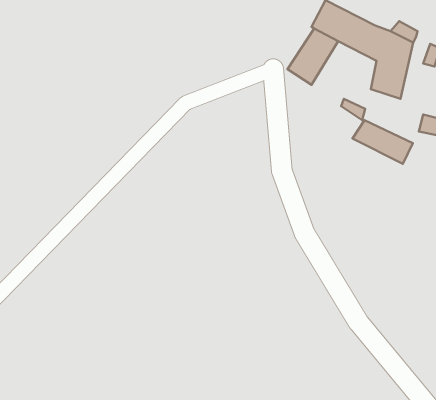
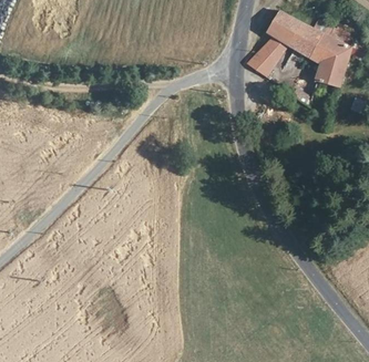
building: [353,120,413,164] -> none

